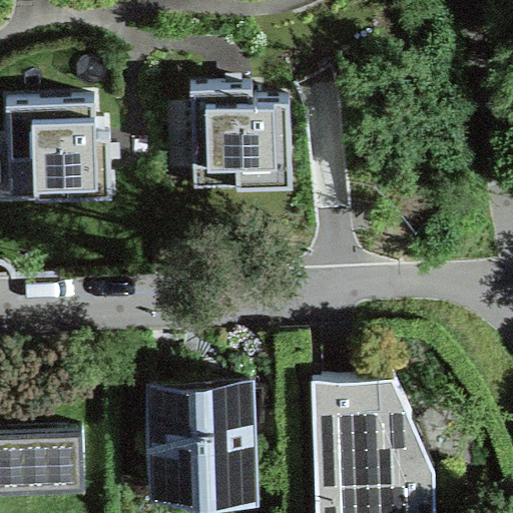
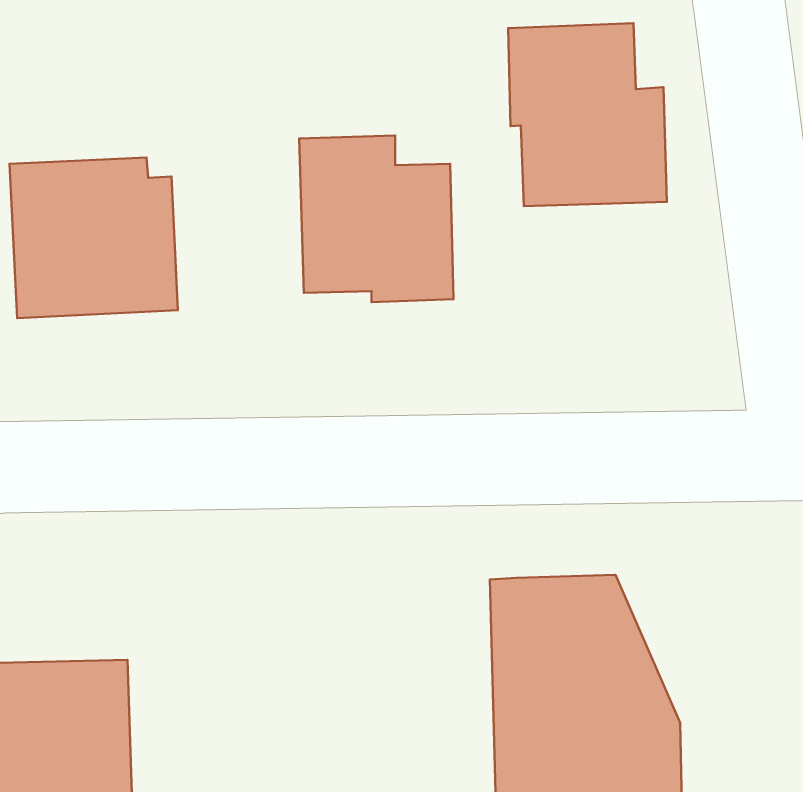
building: none -> [508,23,667,206]
building: [146,379,253,489] -> none

